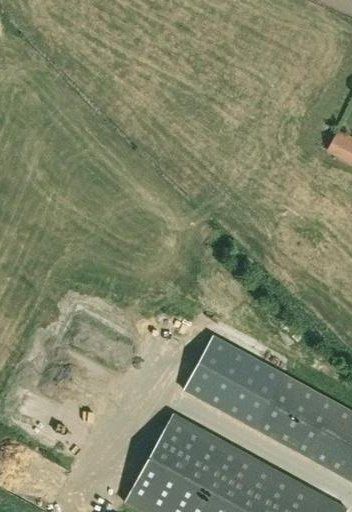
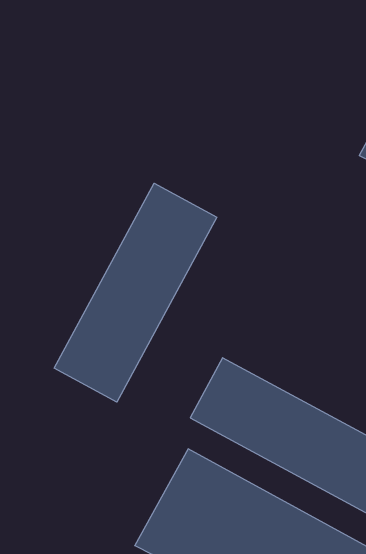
building: none -> [54,183,217,402]

